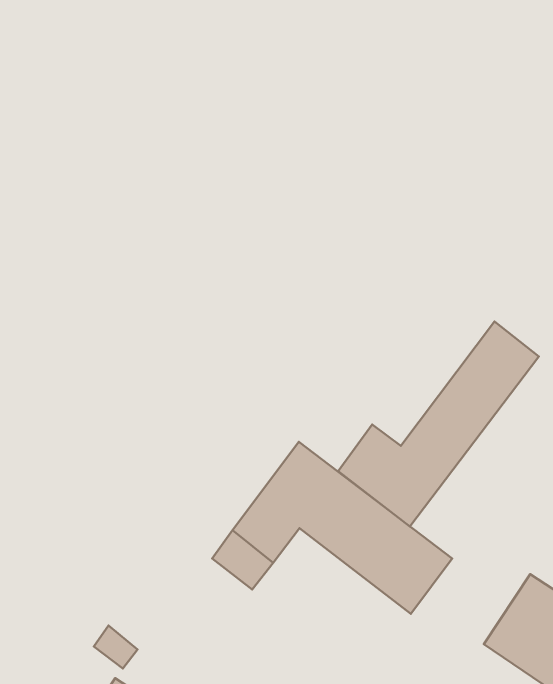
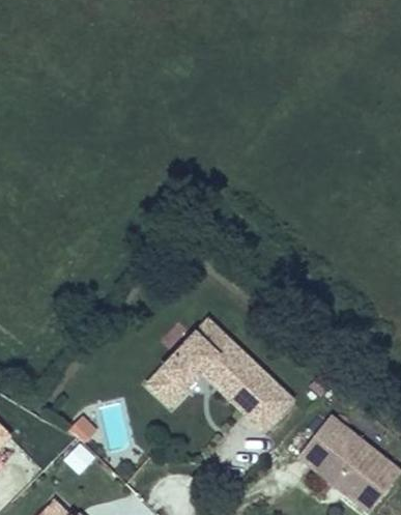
building: [338,322,539,526] -> none

